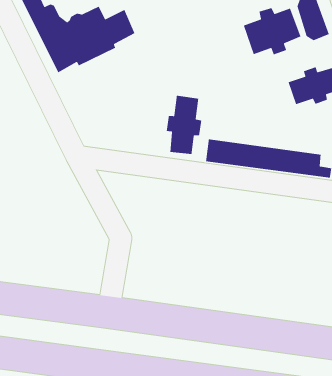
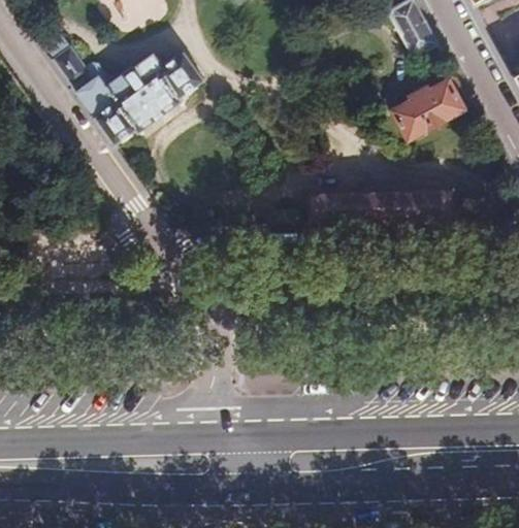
building: [243,7,302,56] -> none
building: [166,95,202,155] -> none

